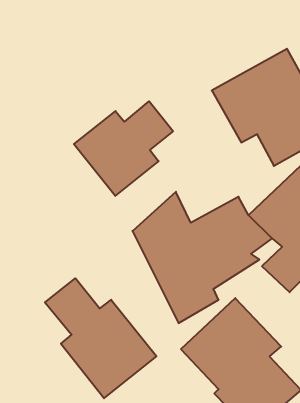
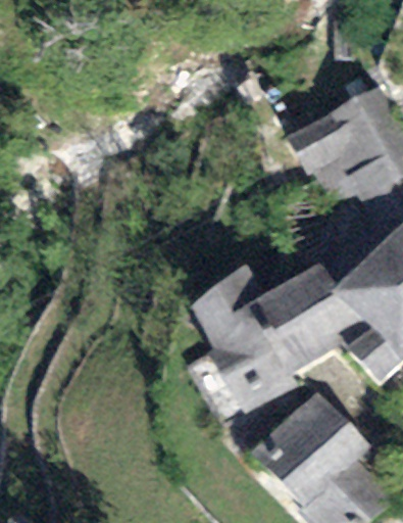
building: [74,101,173,196] -> none
building: [45,278,156,398] -> none

